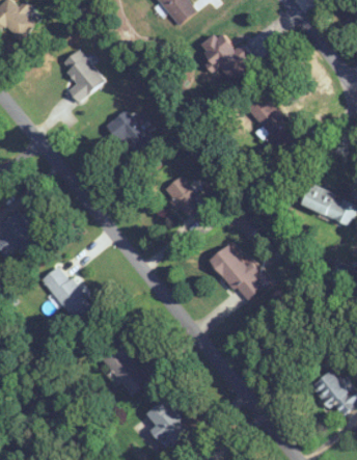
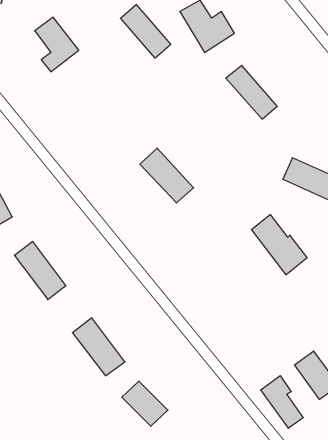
building: [108,109,157,161] -> [120,4,171,58]
building: [209,244,263,302] -> [251,215,307,275]
building: none -> [261,376,303,428]

